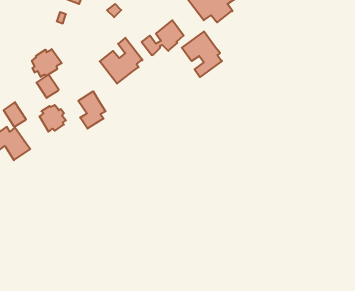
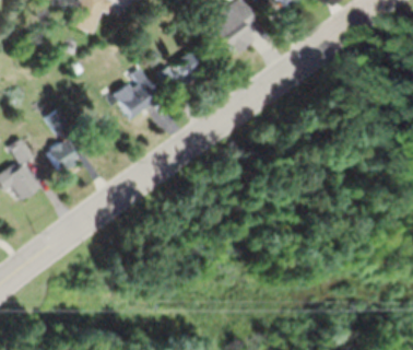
building: [182,31,222,77] -> none
building: [32,49,62,77] -> none
building: [78,91,106,129] -> none

